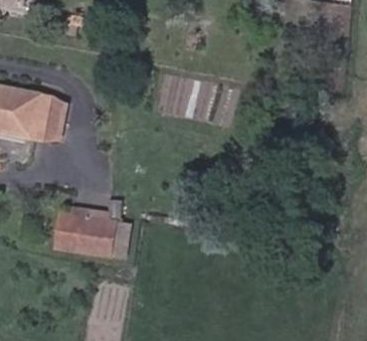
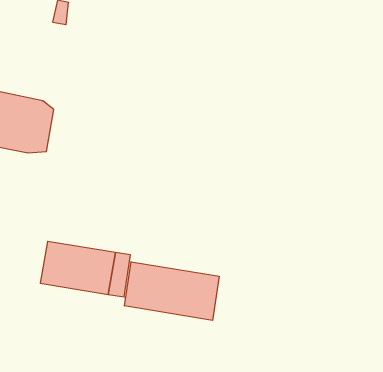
building: none -> [125,262,219,320]

